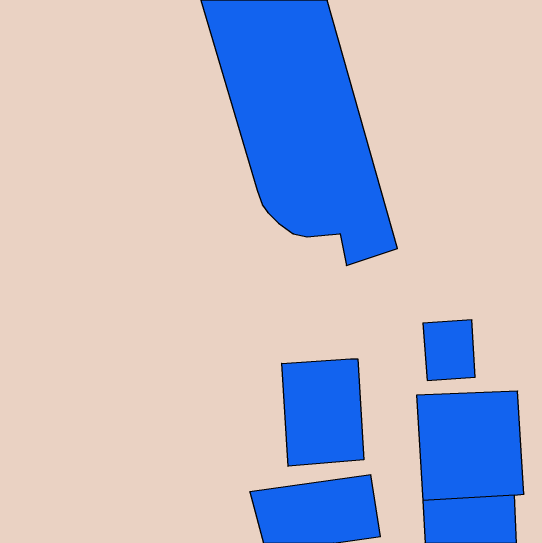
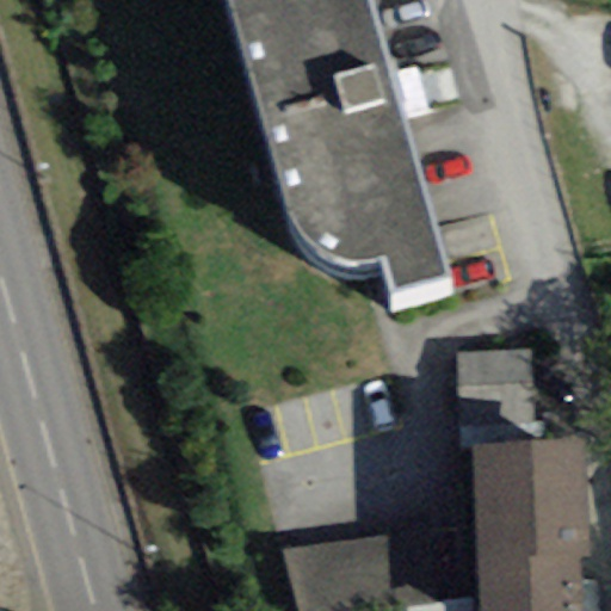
building: [282,359,364,466] -> none

